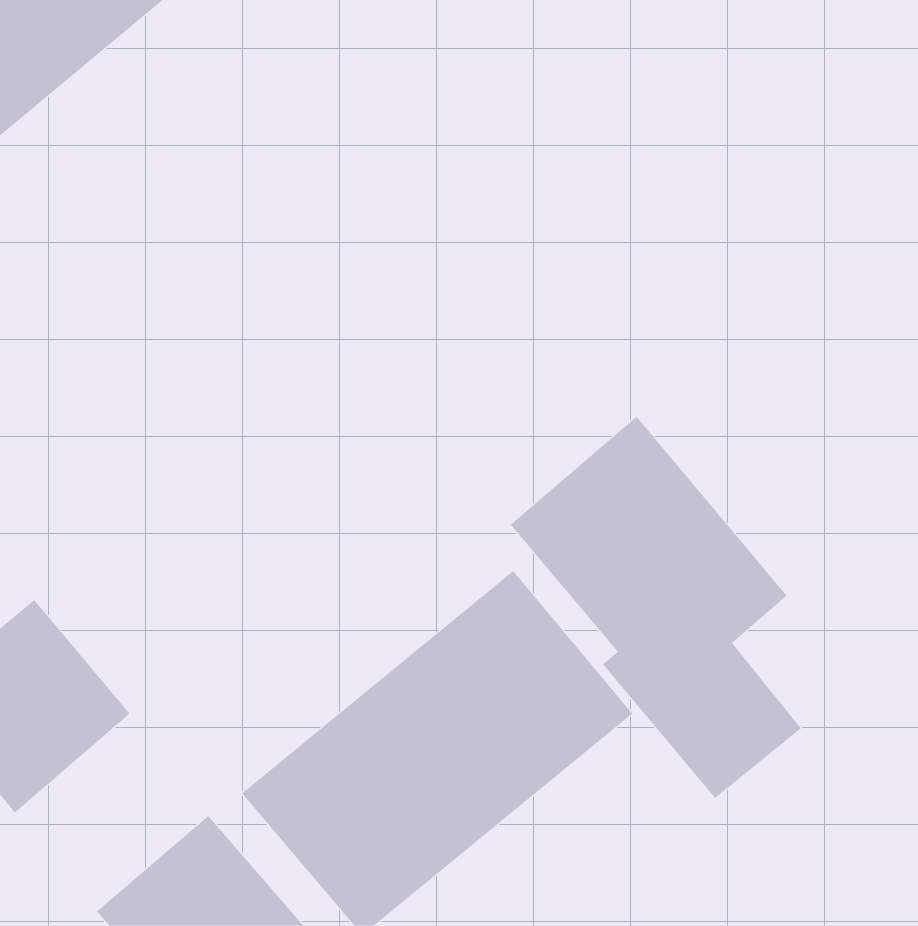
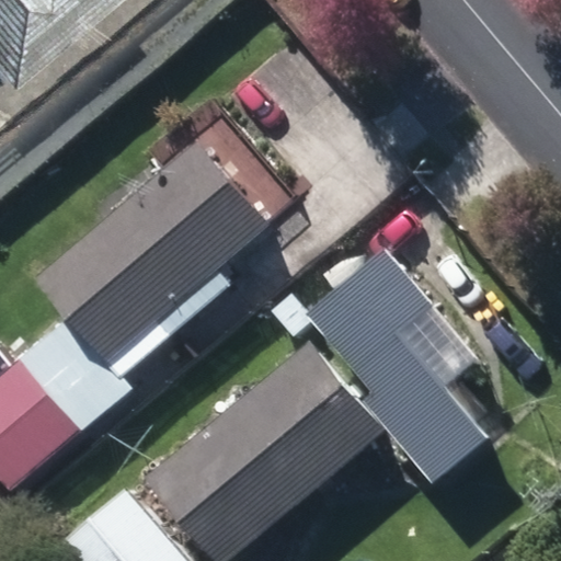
building: none -> [36,142,267,363]

